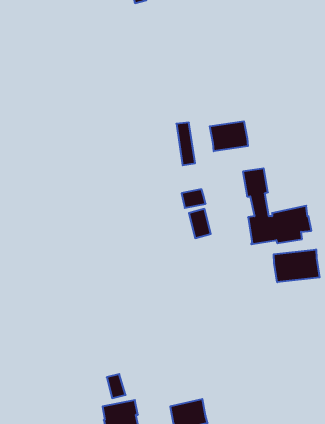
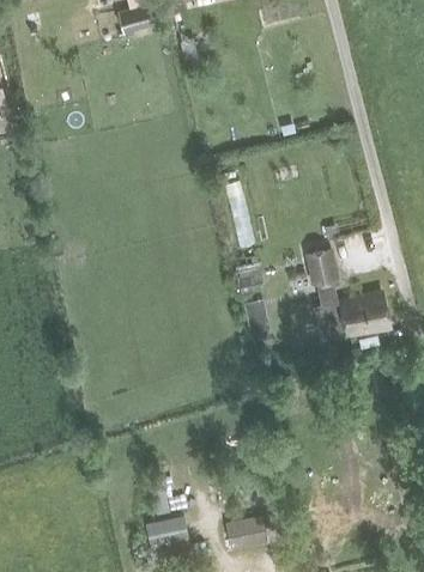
building: [210,121,248,151] -> none
building: [274,249,320,282] -> none

